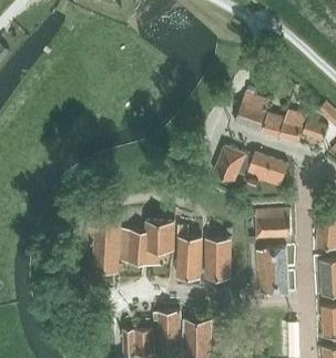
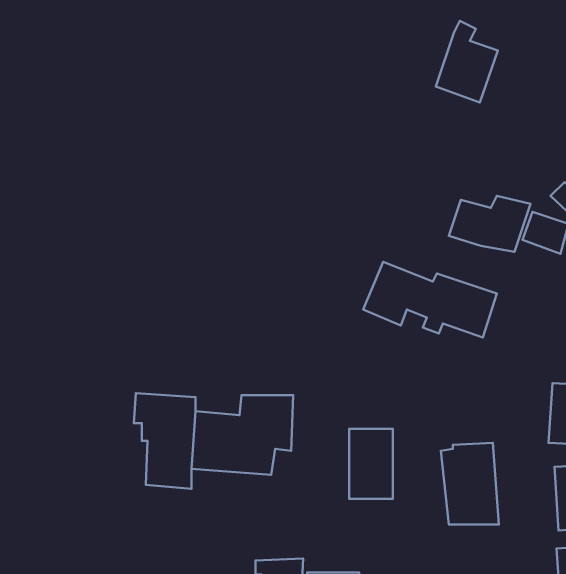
building: [234,85,268,131] -> [436,21,498,102]
building: [254,209,291,238] -> none
building: [176,225,201,278] -> none

